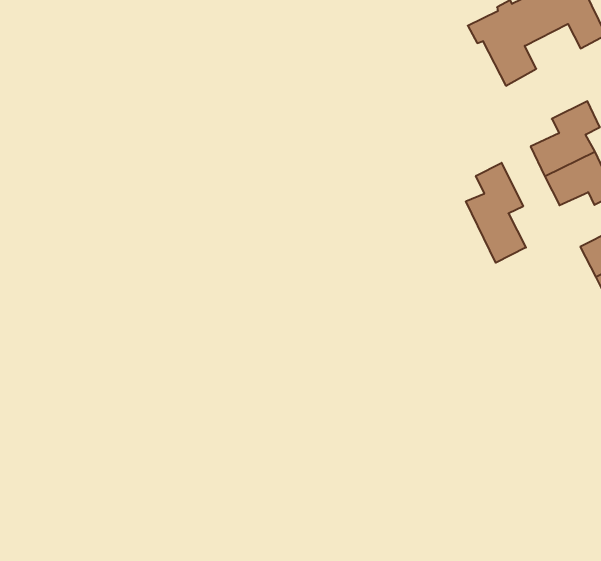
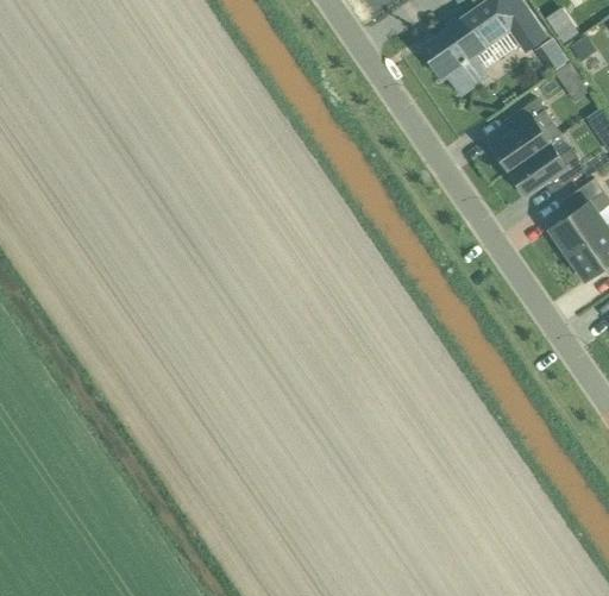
building: [466,163,526,263] -> none

